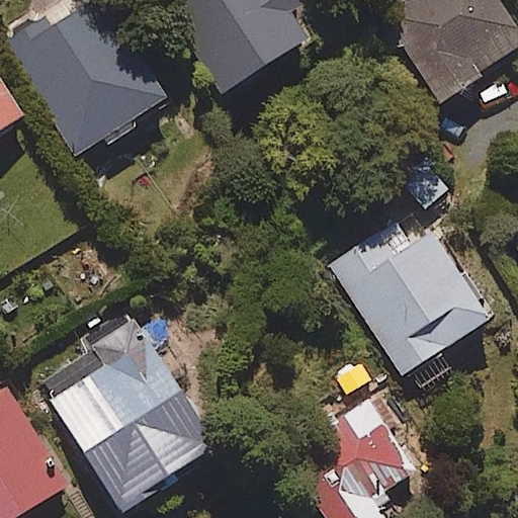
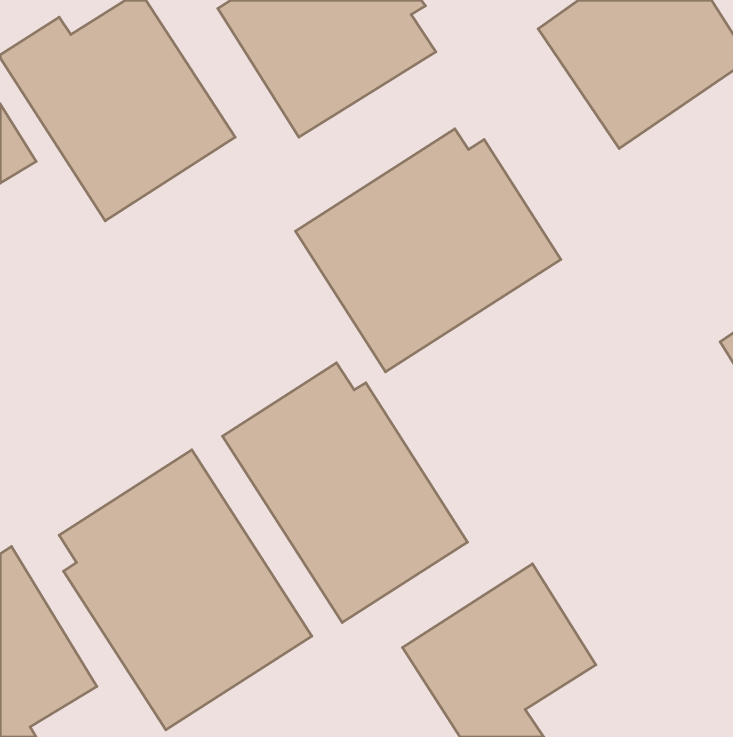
building: none -> [295,129,561,372]
building: [330,228,490,381] -> none
building: none -> [223,363,467,622]

